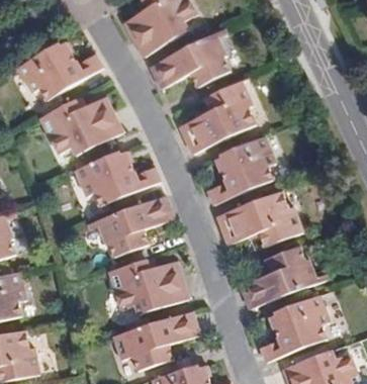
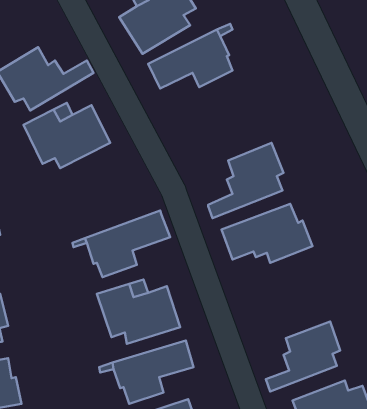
building: [185,78,255,147] -> none
building: [72,154,157,206] -> none
building: [247,244,314,308] -> none

